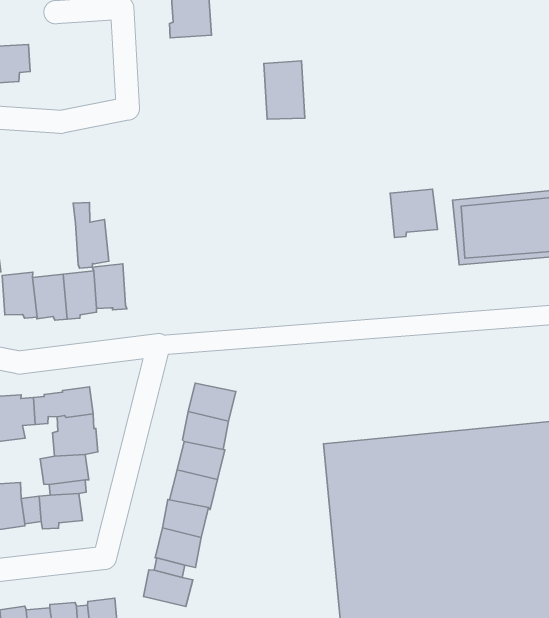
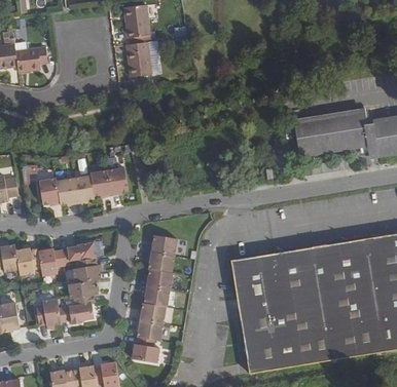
building: [264,61,305,119] -> [127,41,152,76]
building: [390,189,438,238] -> none
building: [73,203,109,268] -> [106,156,129,194]

